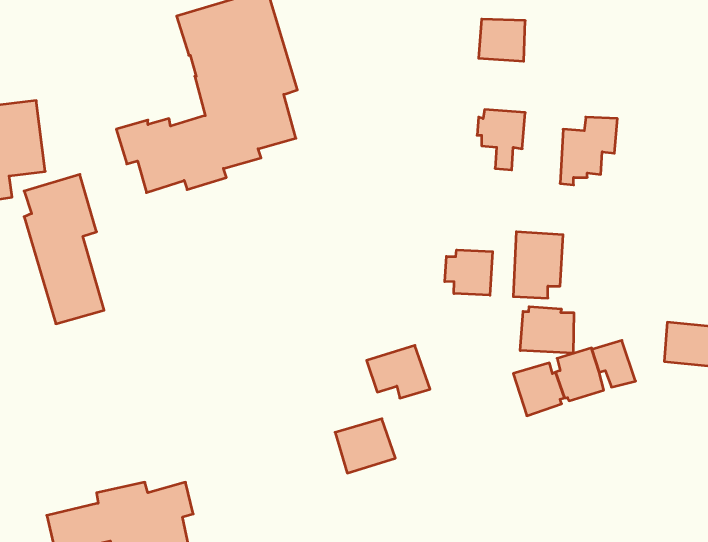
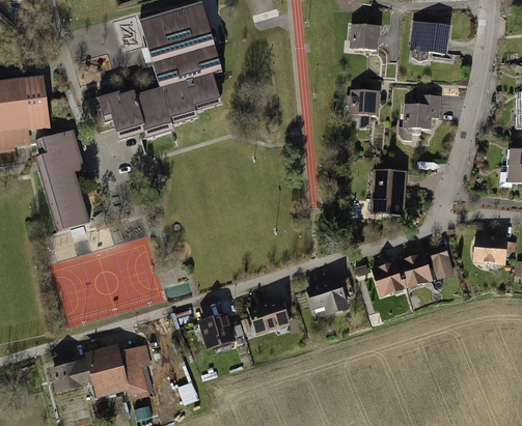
building: none -> [410,19,449,59]
building: [445,250,493,295] -> none
building: [520,307,574,353] -> none
building: [367,345,430,398] -> [306,278,350,314]
building: none -> [198,312,238,348]

